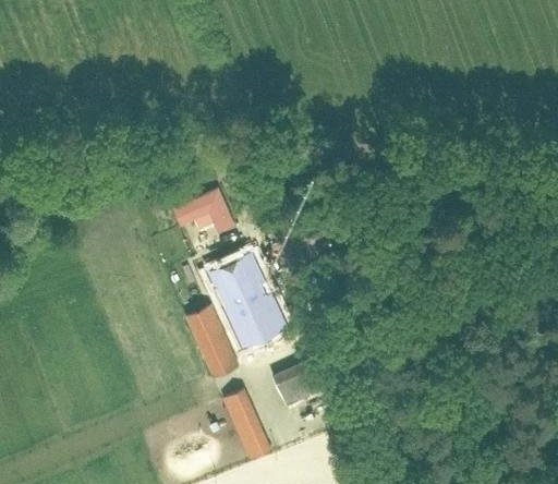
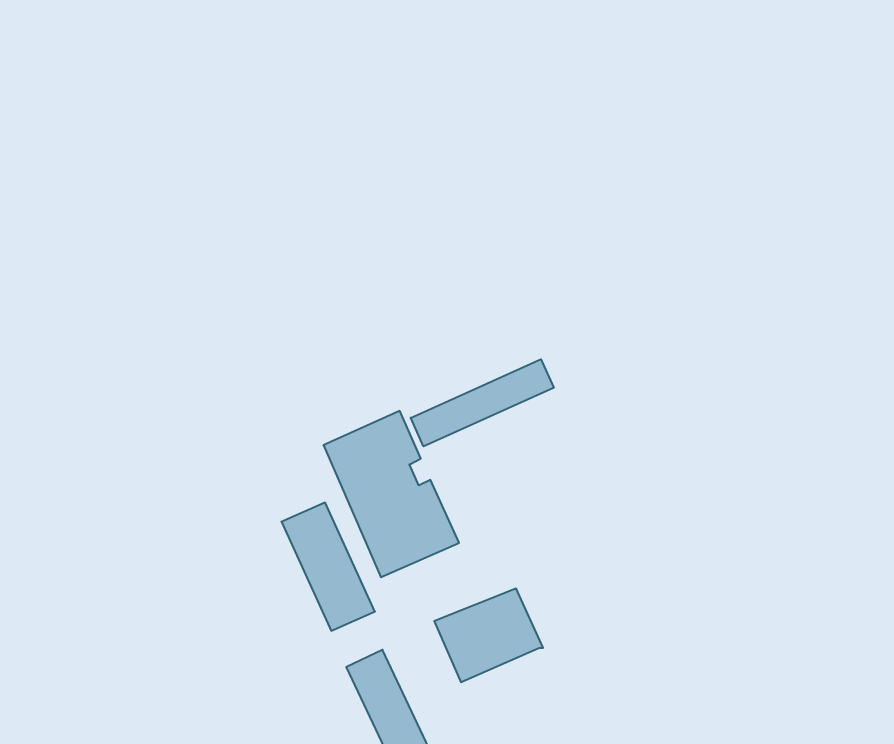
building: [173,187,234,233] -> none
building: none -> [411,359,554,446]

